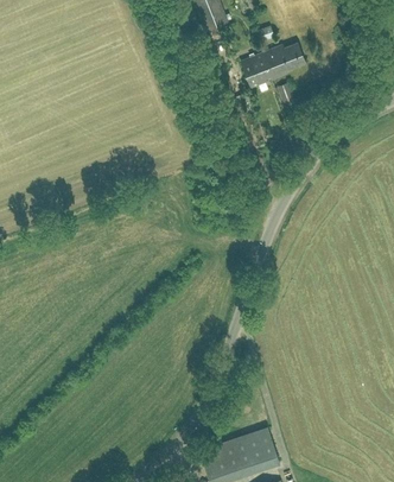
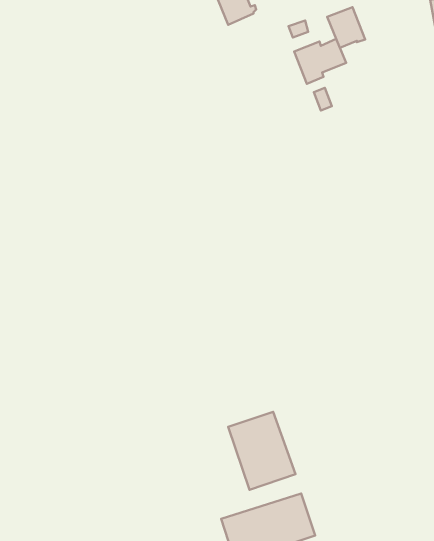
building: [240,53,272,88] -> [327,7,365,48]
building: none -> [228,412,296,490]

